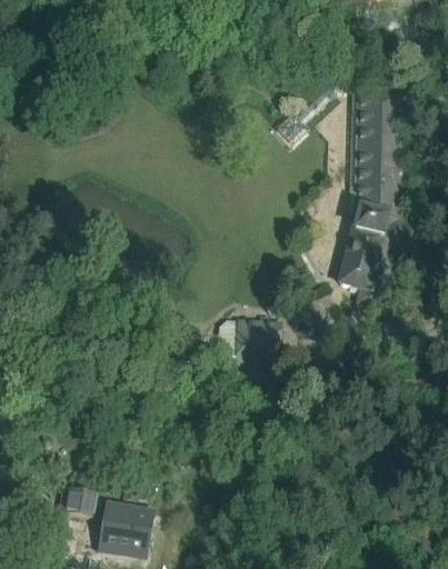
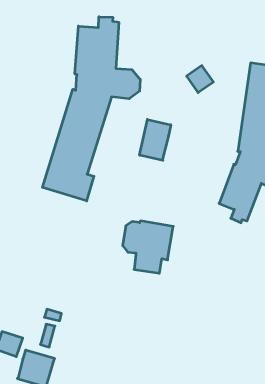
building: none -> [42,17,140,201]
building: none -> [140,119,171,160]

